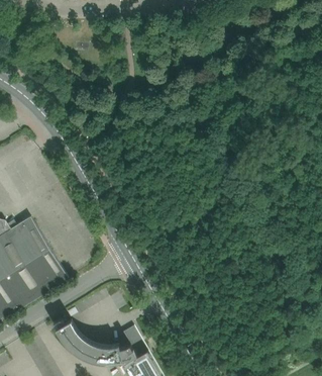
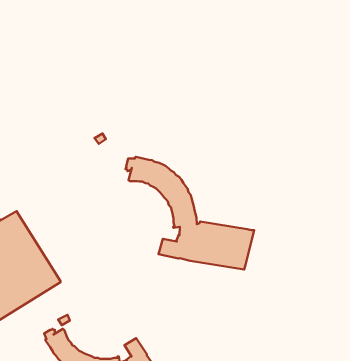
building: none -> [125,157,254,270]

